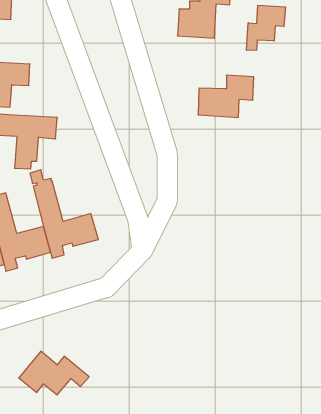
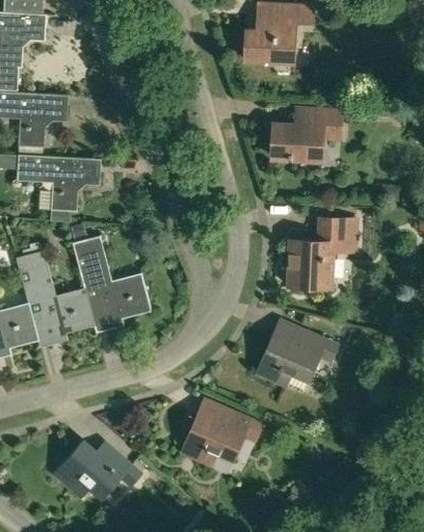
building: [246,5,285,50] -> none
building: none -> [288,217,355,287]
building: none -> [256,327,336,387]
building: none -> [181,406,261,464]

